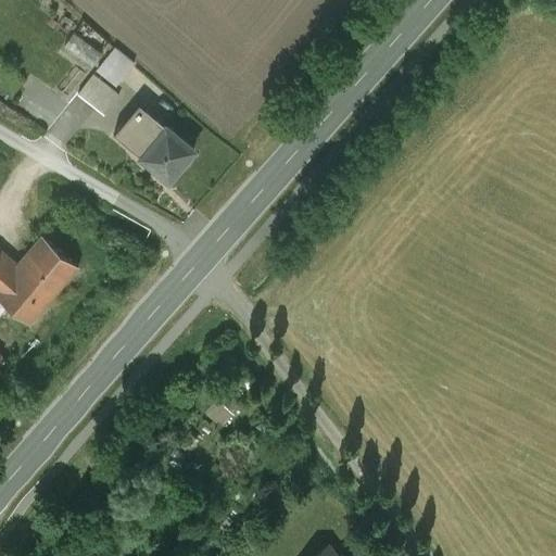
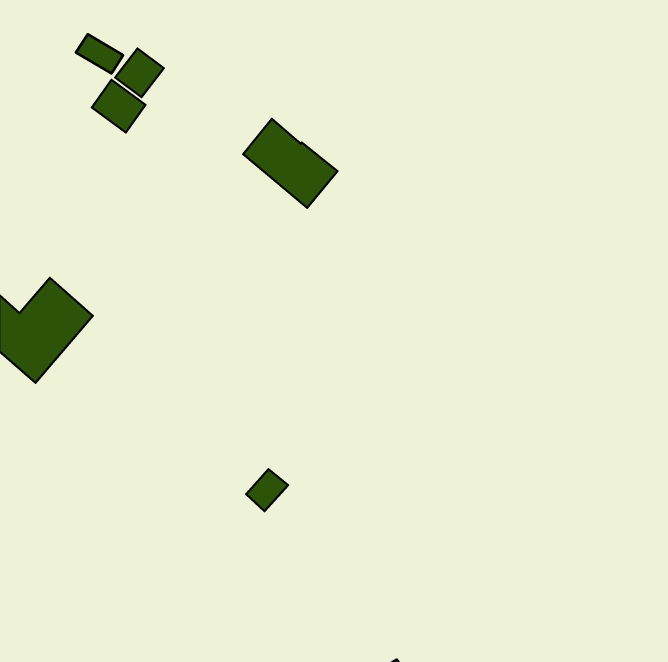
building: [115,108,193,181] -> [243,119,337,208]

